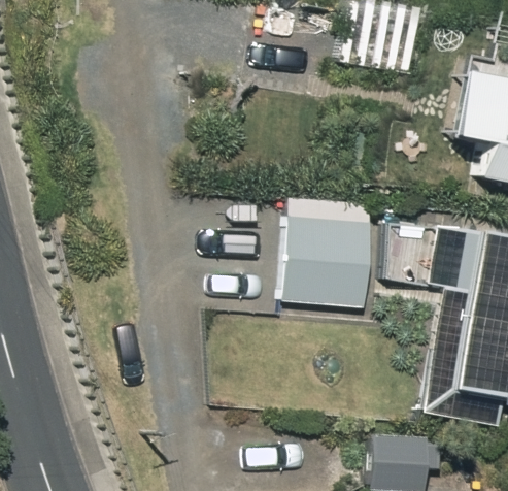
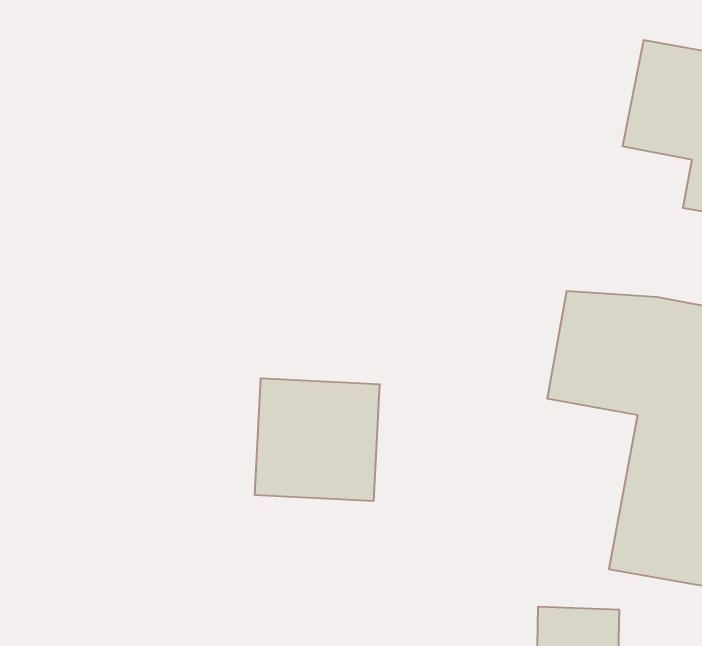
building: [284,221,370,304] -> [255,378,380,501]

